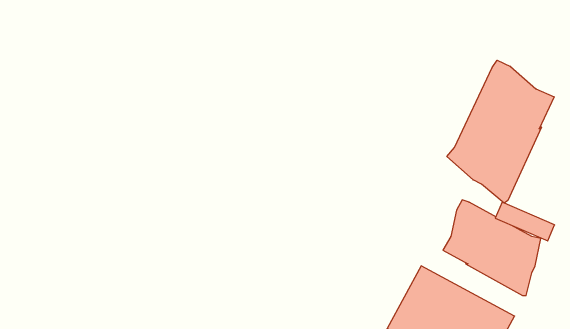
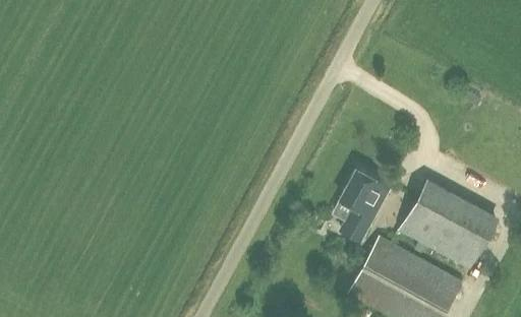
building: [447,60,554,203] -> none
building: none -> [340,170,390,243]

